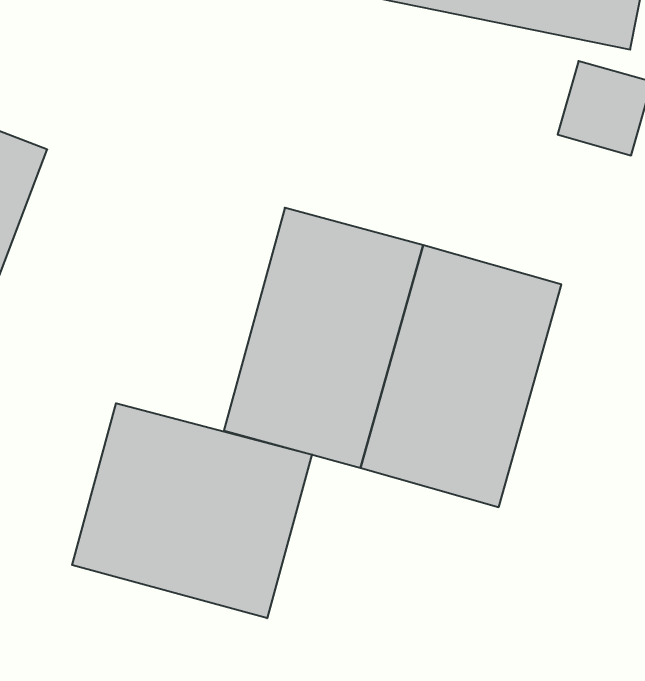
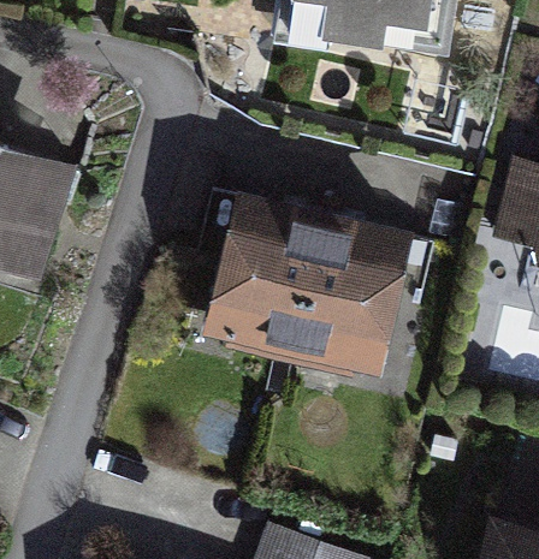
building: [72,403,312,618] -> none

